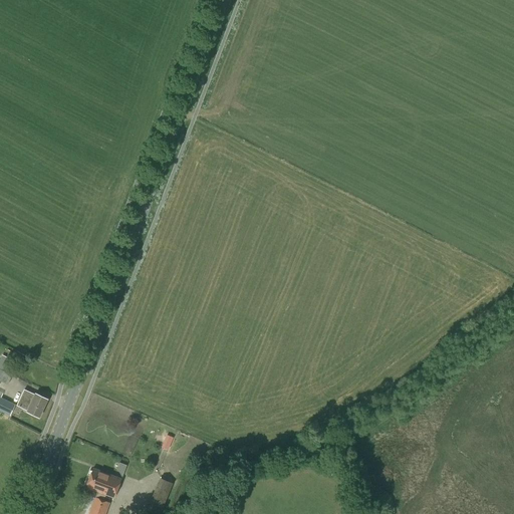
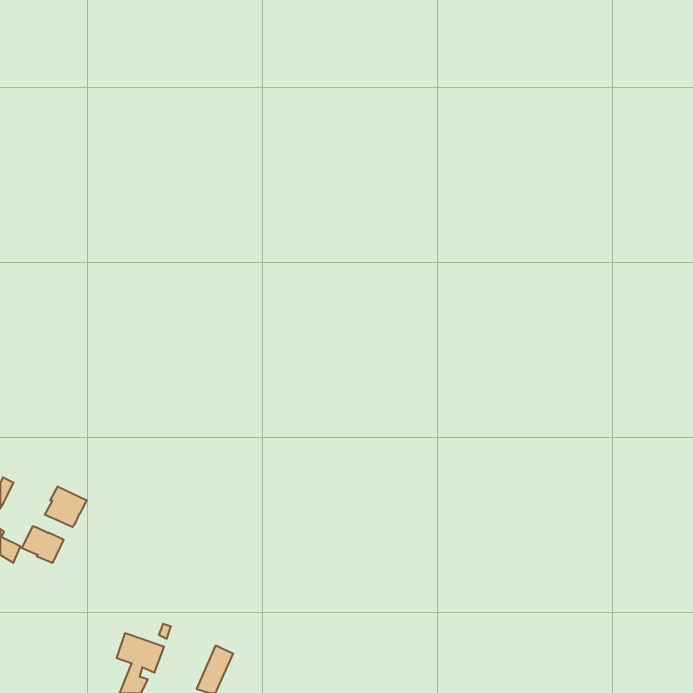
building: none -> [45,486,87,527]

